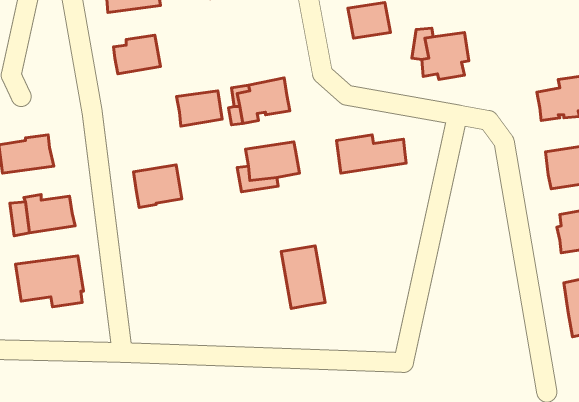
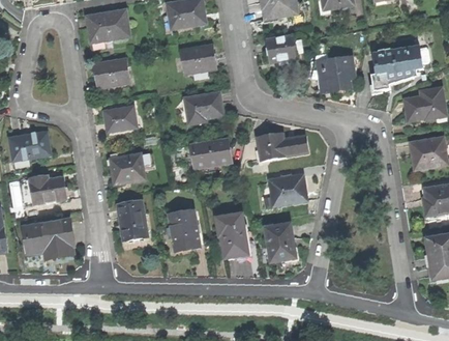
building: none -> [181,45,216,73]
building: none -> [371,47,422,91]
building: [177,91,222,126] -> [103,106,137,132]
building: none -> [276,172,313,204]
building: none -> [118,201,148,241]
building: none -> [169,208,201,250]
building: none -> [265,224,296,262]

